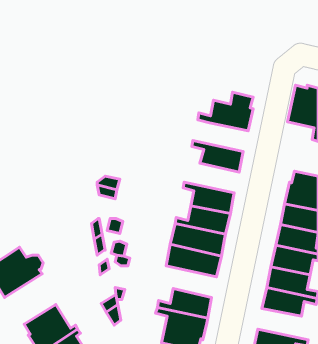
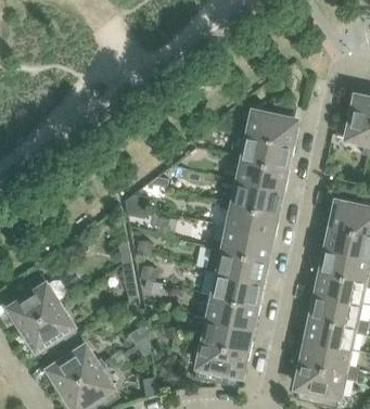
building: none -> [229,141,290,172]
building: none -> [219,186,280,218]
building: none -> [197,298,255,333]
building: none -> [22,307,78,362]
building: none -> [301,345,357,380]

